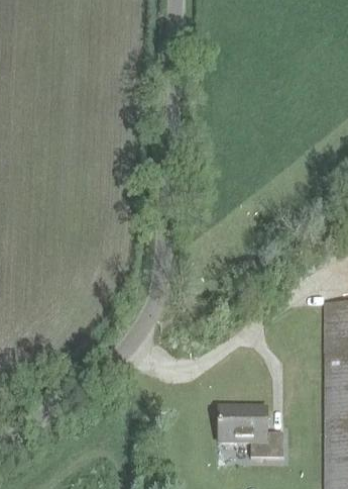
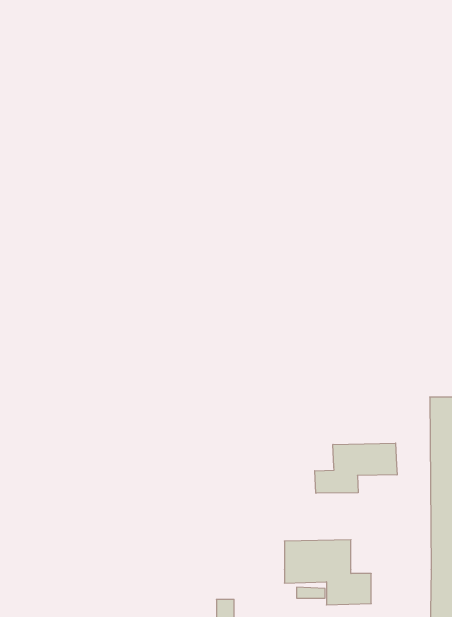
building: none -> [315,443,397,493]

